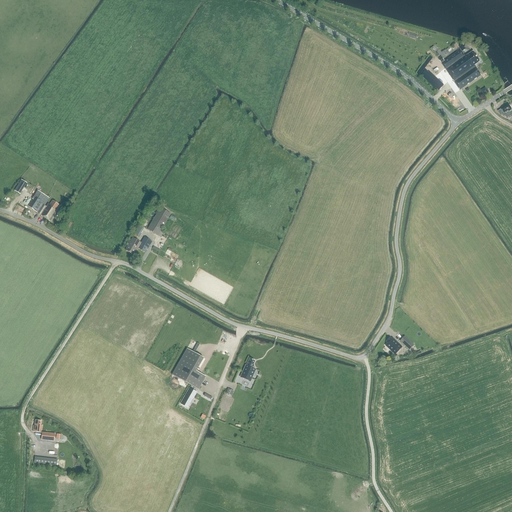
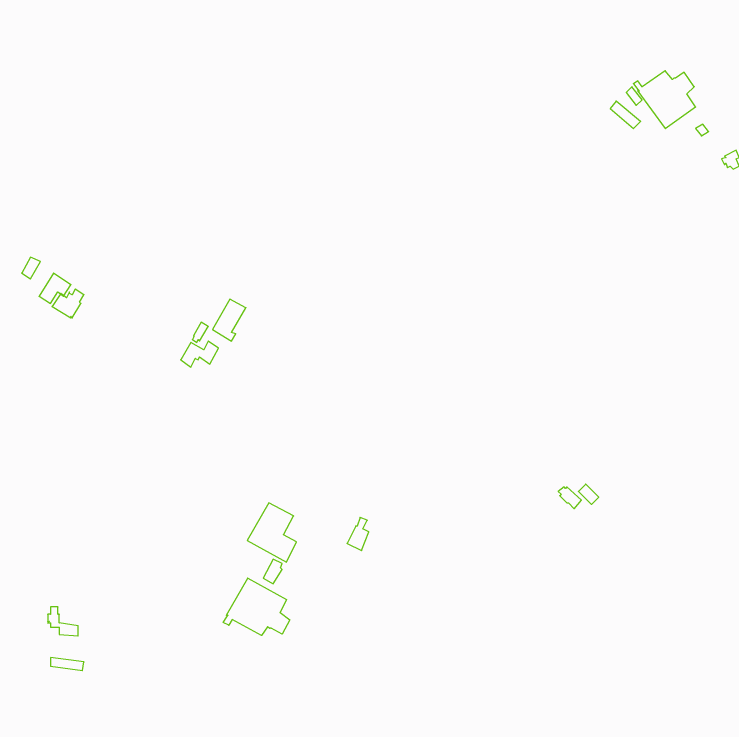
building: none -> [223,578,290,635]

